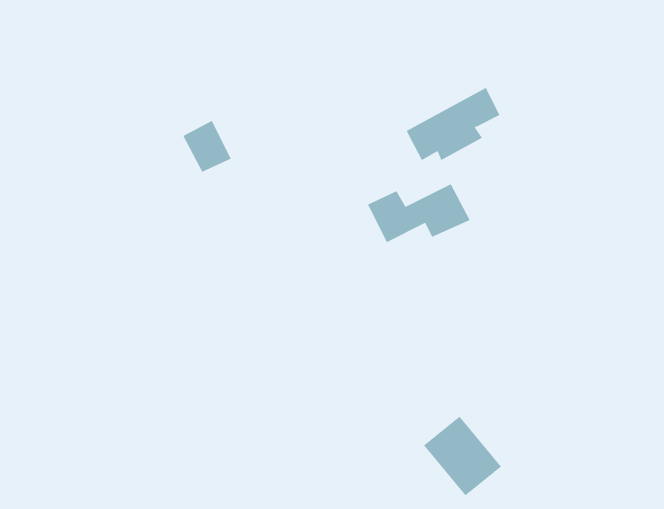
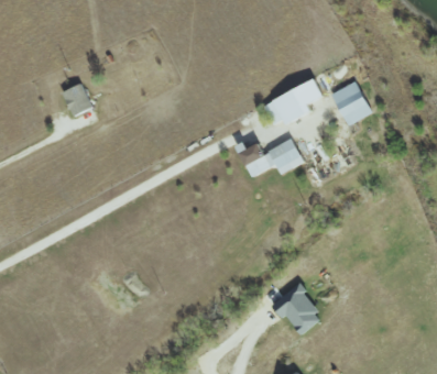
building: none -> [331,80,372,125]
building: [182,120,231,173] -> [62,82,92,116]

